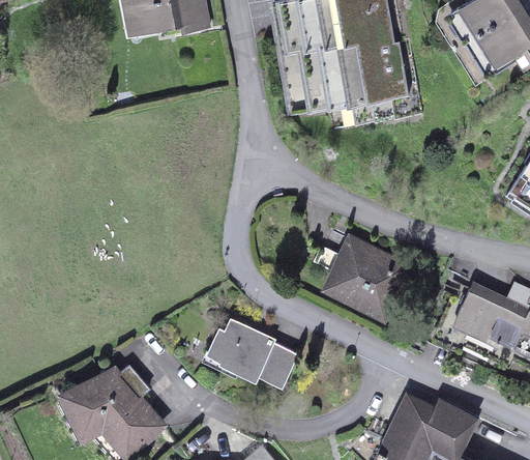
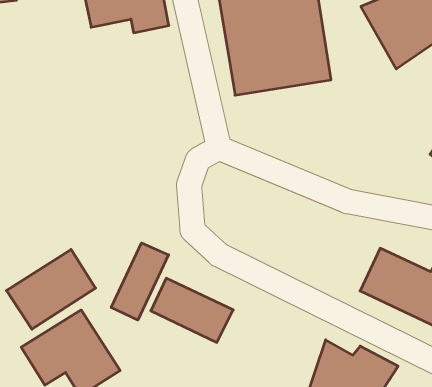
building: [323,237,417,324] -> none
building: none -> [111,243,169,320]
building: none -> [6,249,96,329]

